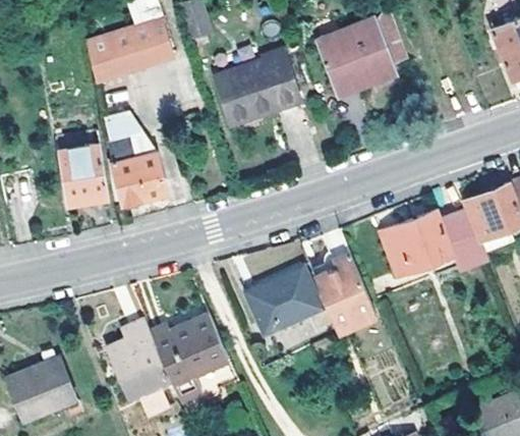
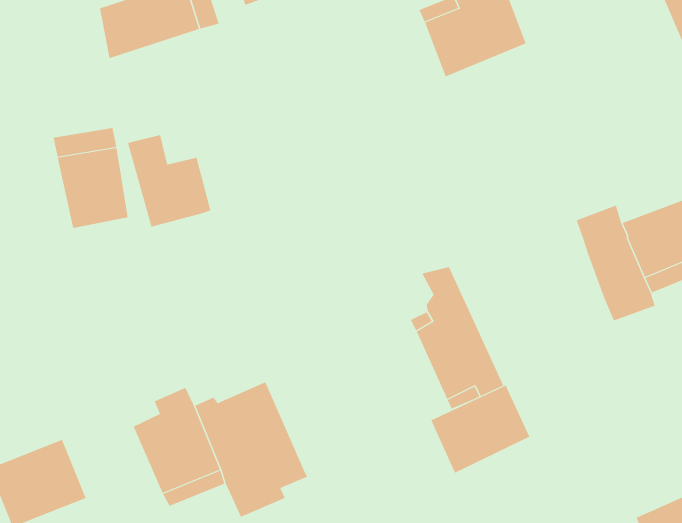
building: [216,55,299,127] -> none
building: [101,112,157,157] -> none
building: [382,212,452,275] -> none
building: [248,269,321,333] -> [431,385,530,473]

